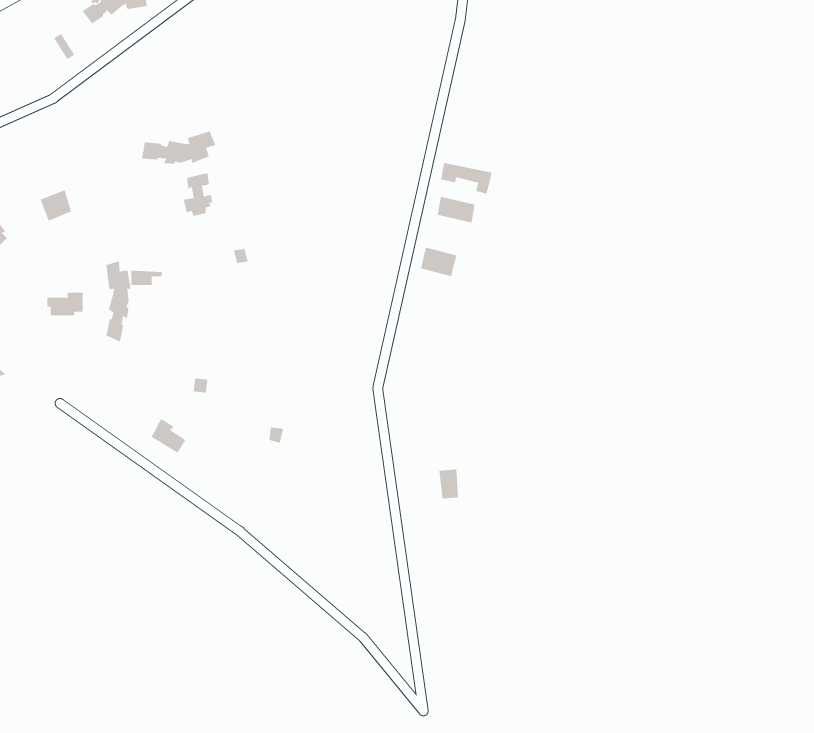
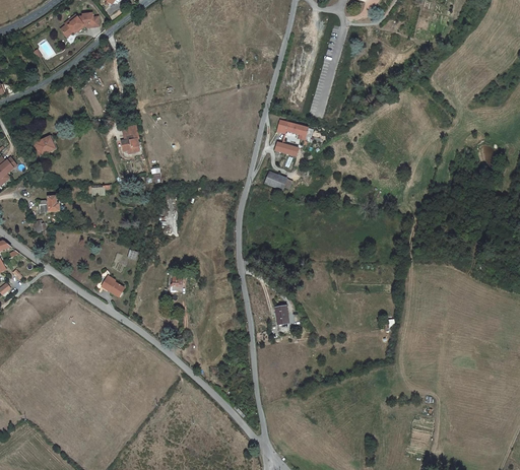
building: [141,130,216,164] -> none
building: [106,260,131,342] -> none

